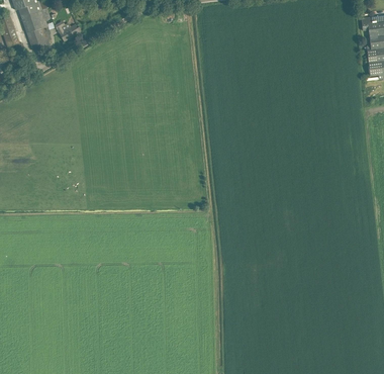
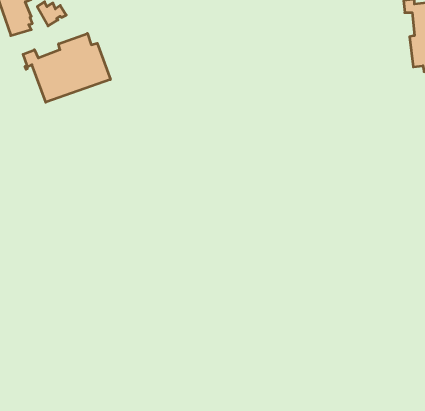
building: none -> [23,33,110,102]

